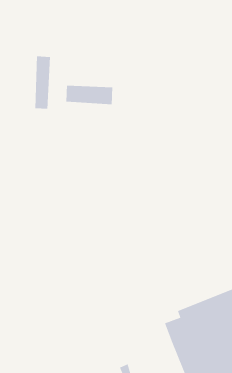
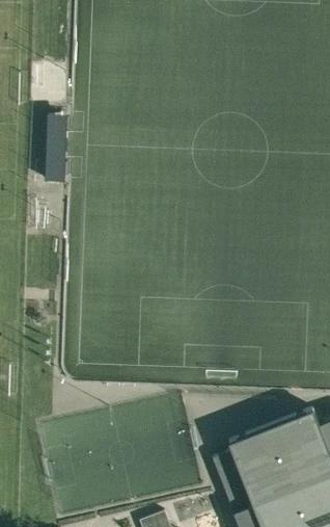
building: [66,85,113,105] -> none

